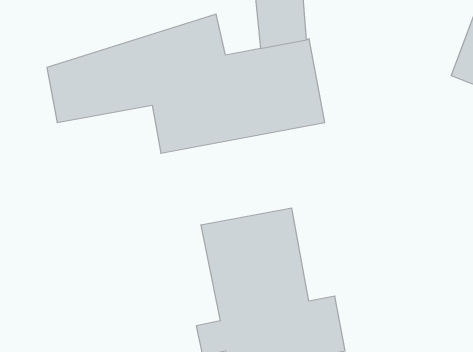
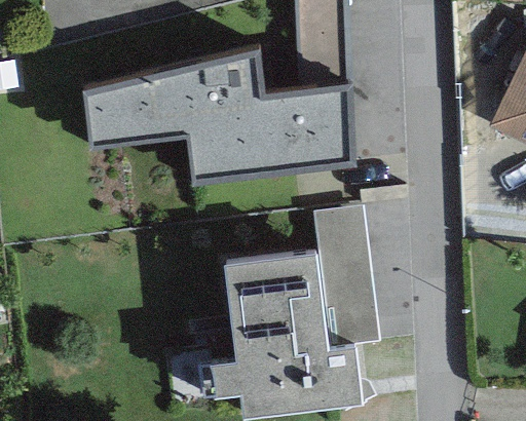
building: none -> [312,205,378,344]

